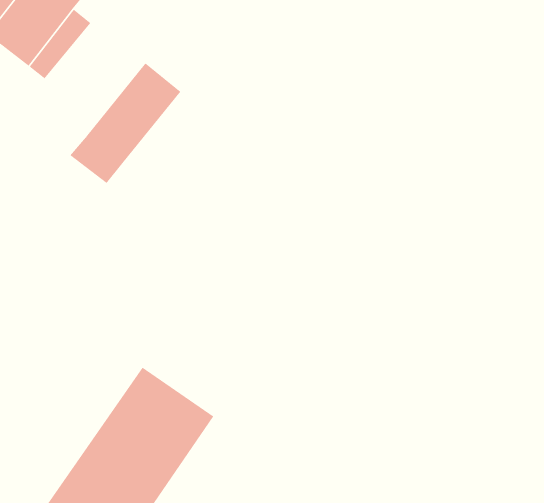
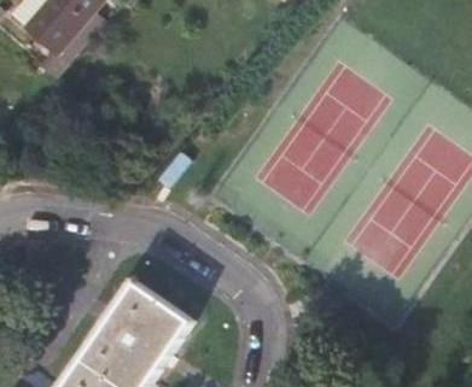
building: [69,63,181,184] -> none

